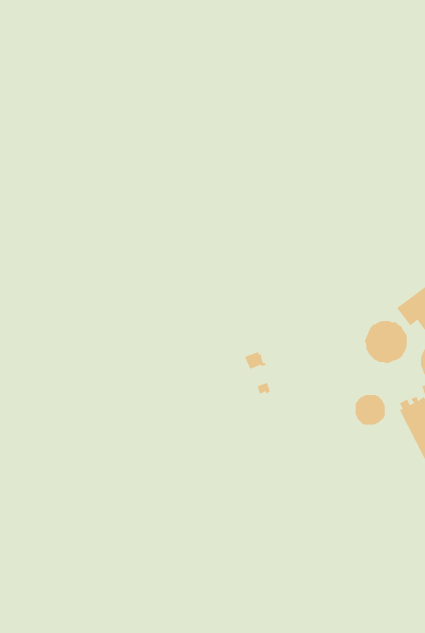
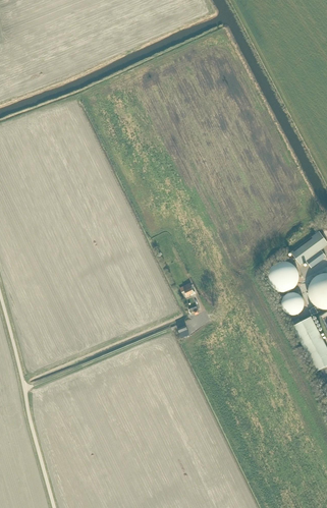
building: [355,394,385,425] -> [281,292,304,315]

